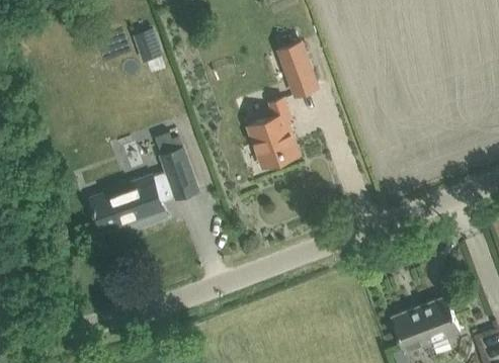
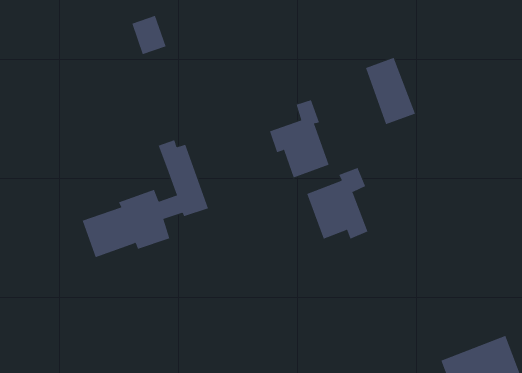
building: [277,42,320,99] -> [365,57,416,125]
building: none -> [307,167,368,240]

